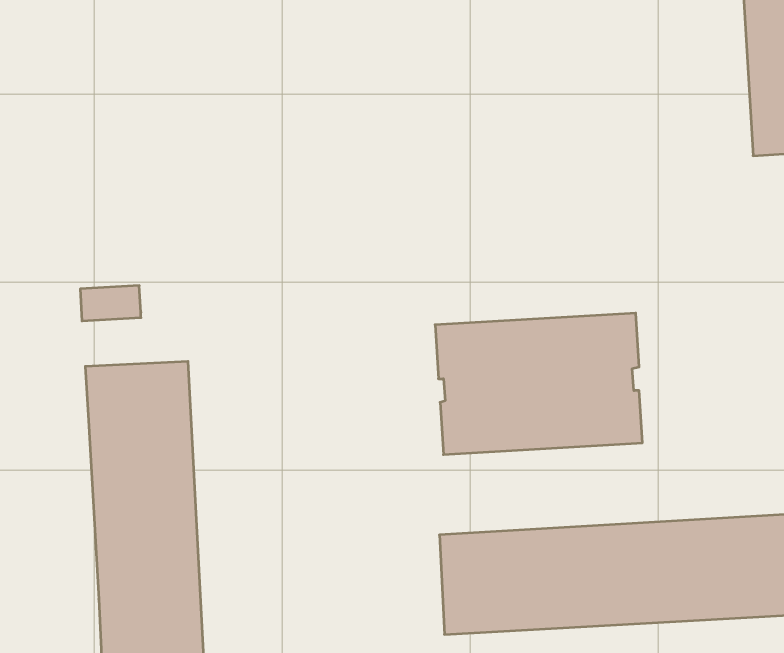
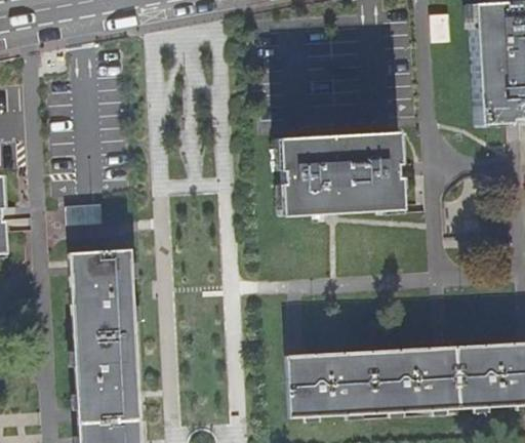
building: [435,313,642,455] -> [277,130,403,216]

